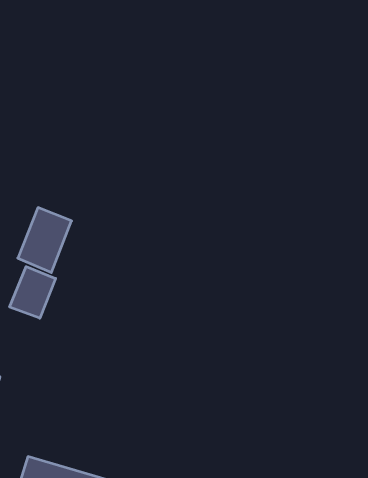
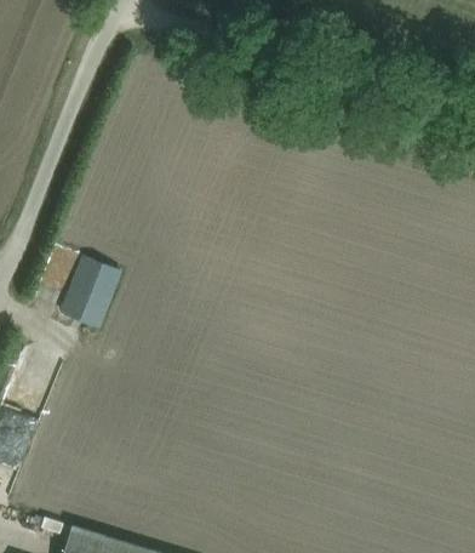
building: [10,267,56,318] -> none

